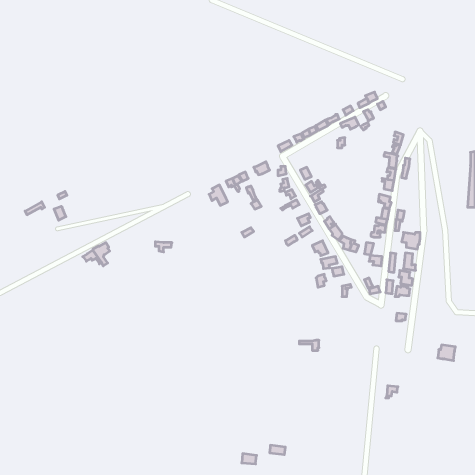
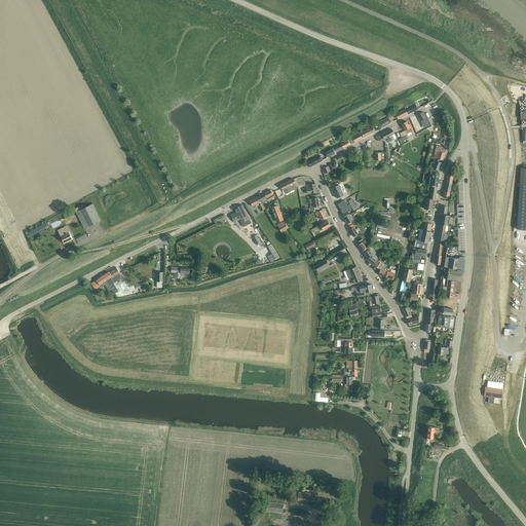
building: none -> [75,203,101,229]

